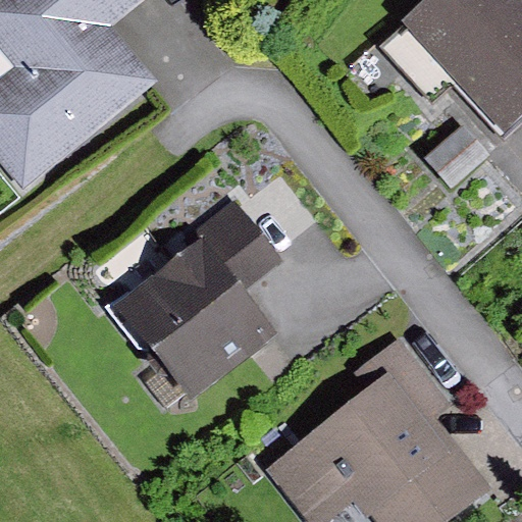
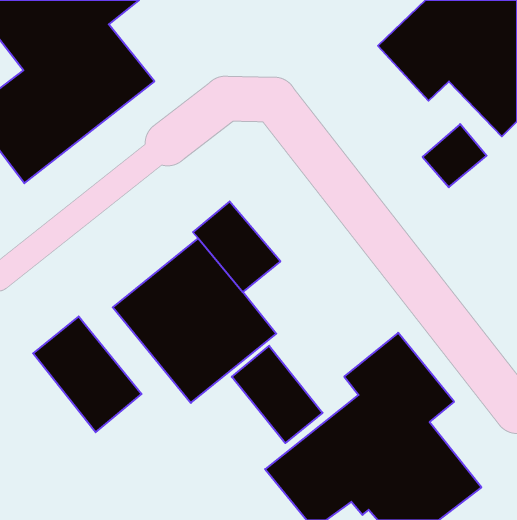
building: none -> [33,316,142,432]
building: none -> [232,346,323,443]

